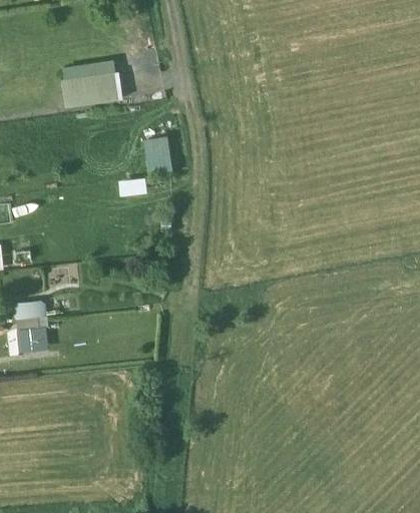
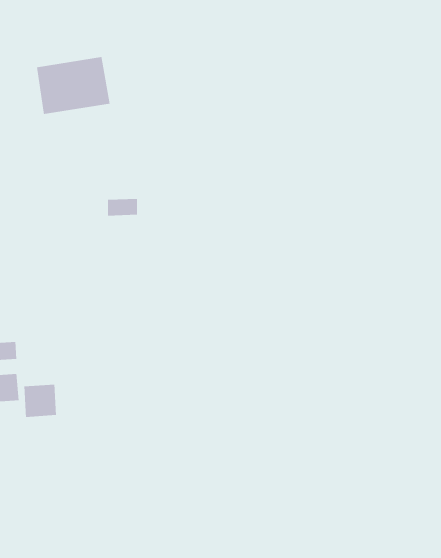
building: [143,135,173,174] -> none
building: none -> [24,384,57,418]

